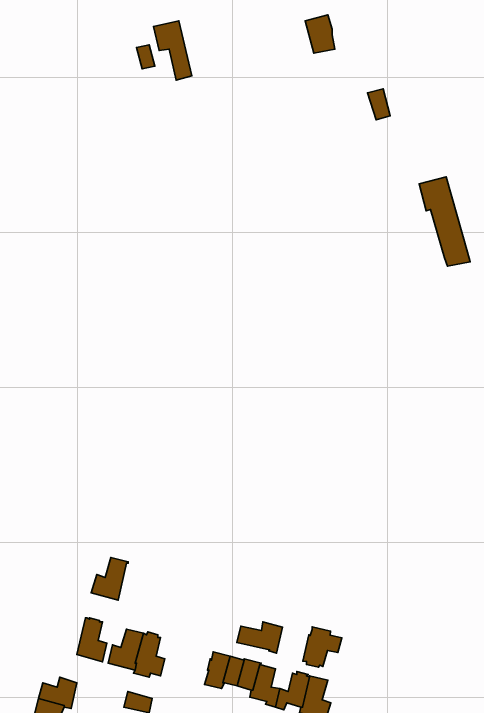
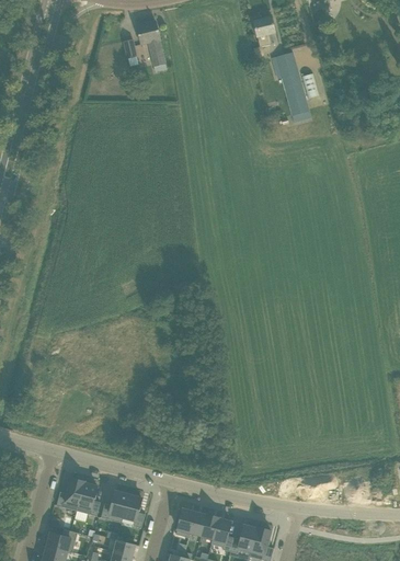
building: [419,177,470,266] -> [272,54,311,123]
building: [91,558,128,600] -> [56,479,84,512]
building: [237,622,283,653] -> none
building: [303,627,342,667] -> none

